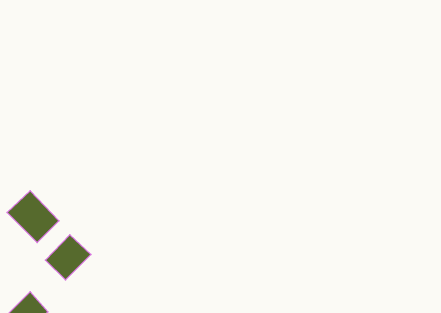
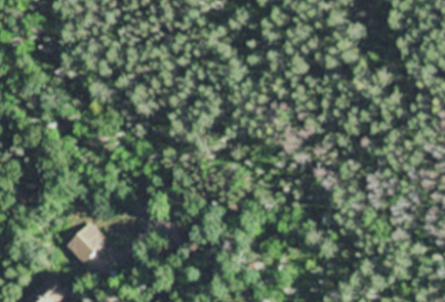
building: [7,191,59,242] -> none

